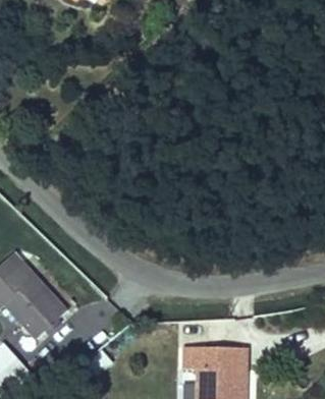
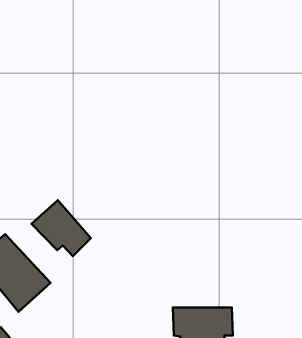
building: none -> [32,200,91,256]

